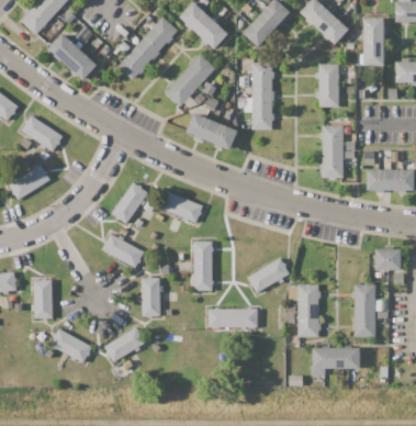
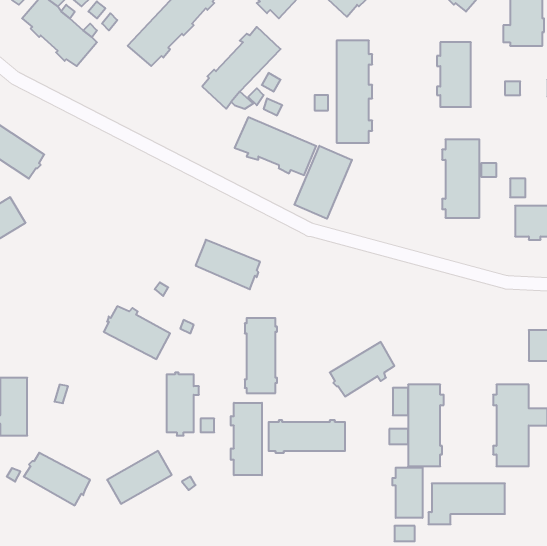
building: none -> [294,146,352,219]
building: [111,182,147,224] -> none
building: none -> [231,403,262,475]
building: none -> [392,468,422,518]

